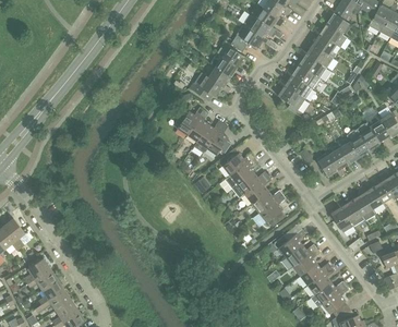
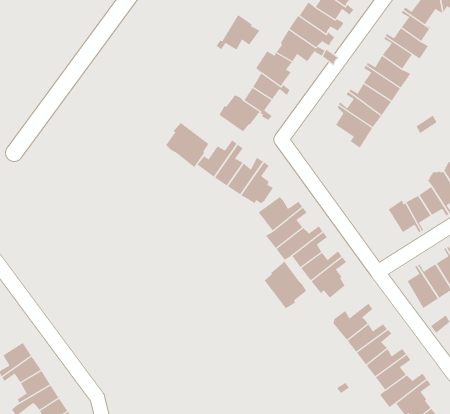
building: none -> [216,14,260,50]
building: none -> [166,122,209,168]
building: none -> [264,261,307,309]

